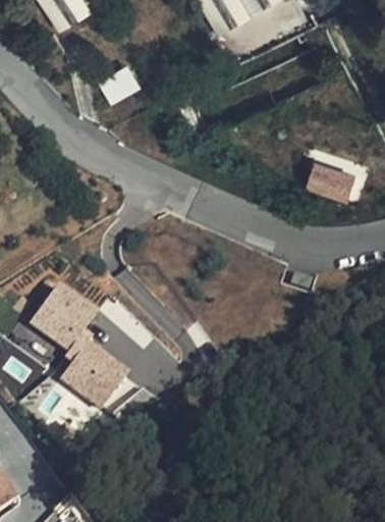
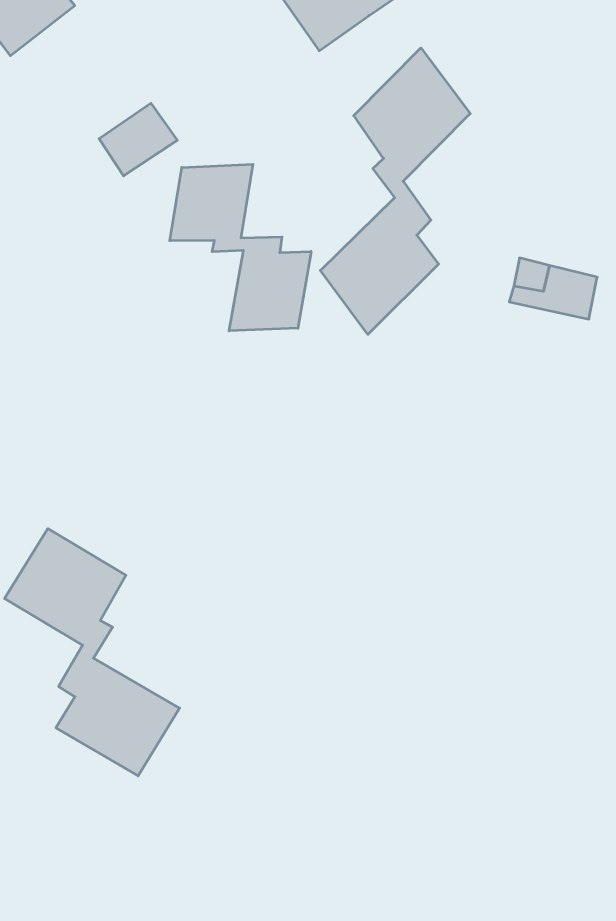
building: none -> [320,48,470,334]
building: none -> [170,164,311,331]

